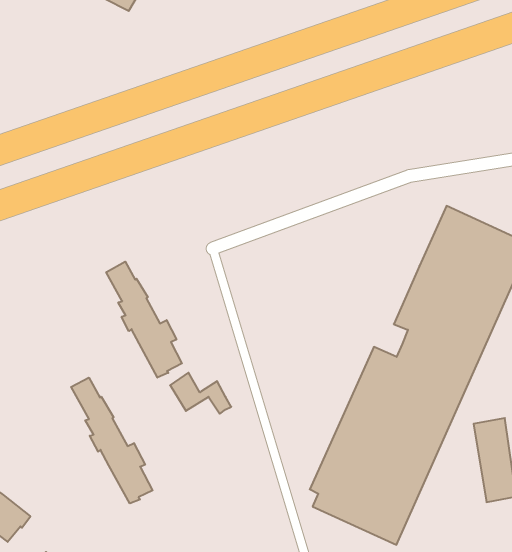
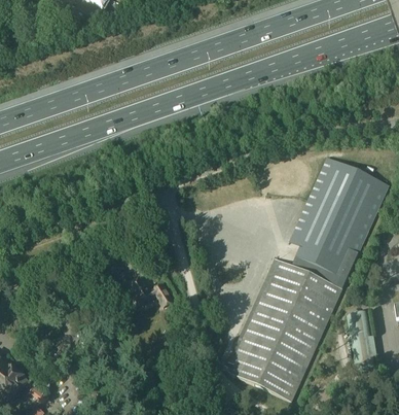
building: [106,262,182,378] -> none
building: [71,378,153,503] -> none

